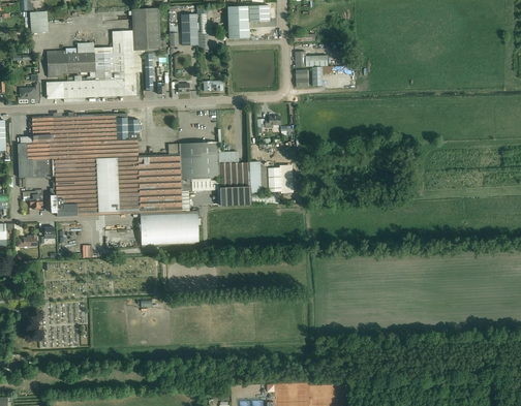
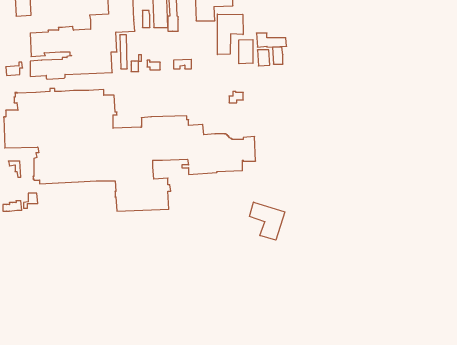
building: none -> [217,14,243,55]
building: none -> [239,40,253,64]
building: none -> [249,202,285,240]

